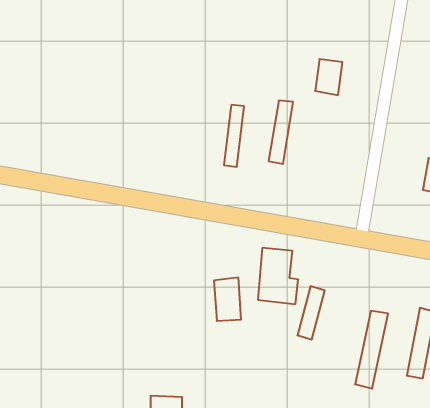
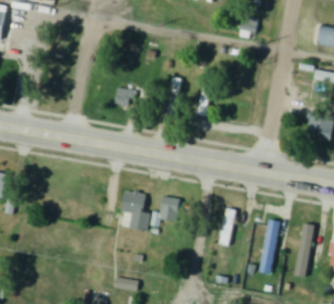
building: [315,59,342,95] -> [238,14,258,39]
building: none -> [113,86,139,106]
building: [258,248,298,304] -> [121,191,149,231]

